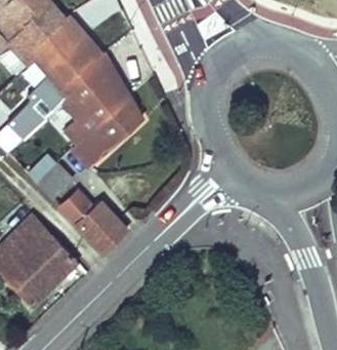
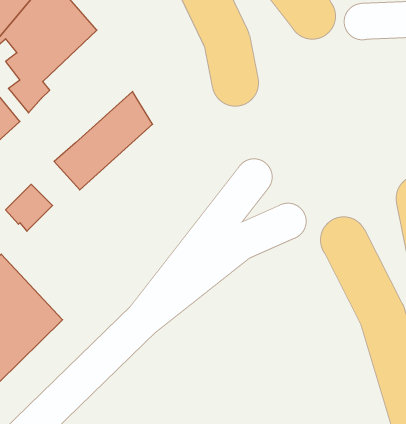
building: [62,51,128,142] -> none
building: [61,191,127,254] -> none

